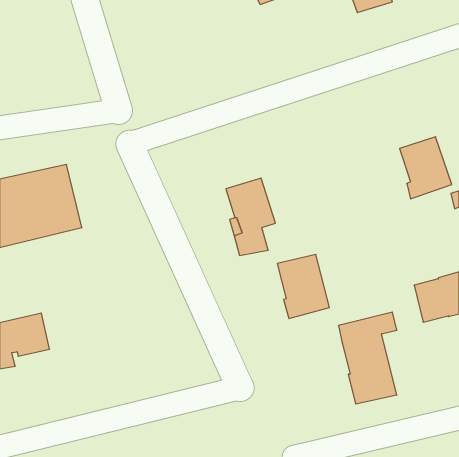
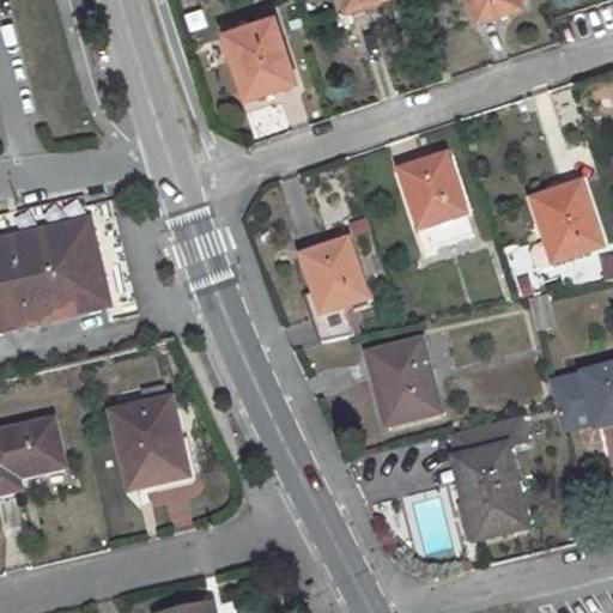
building: none -> [225,16,293,95]
building: none -> [400,153,472,248]
building: none -> [113,400,188,487]

